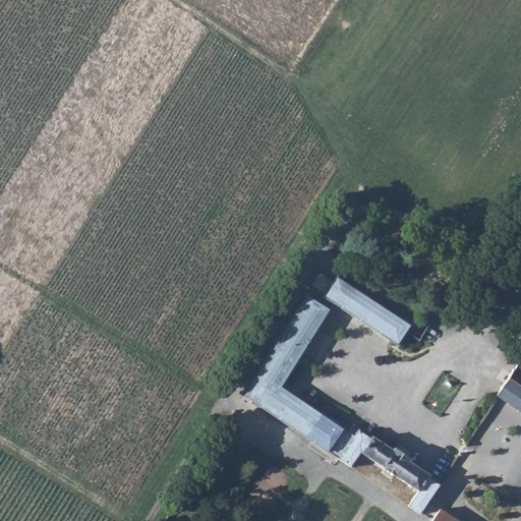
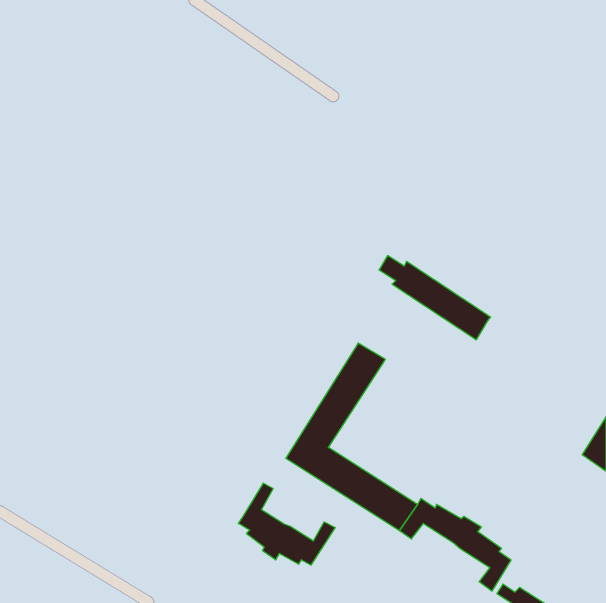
building: [314,275,410,347] -> [379,256,491,340]
building: none -> [238,483,335,565]

